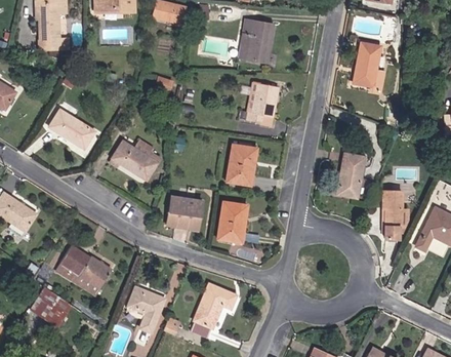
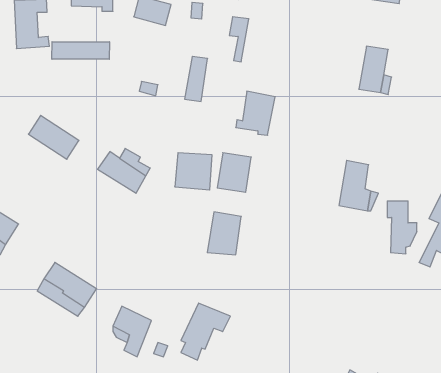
building: [247,18,269,61] -> [185,56,208,101]
building: none -> [52,42,109,59]
building: [164,194,199,229] -> [175,153,212,190]
building: [32,287,72,327] -> none

